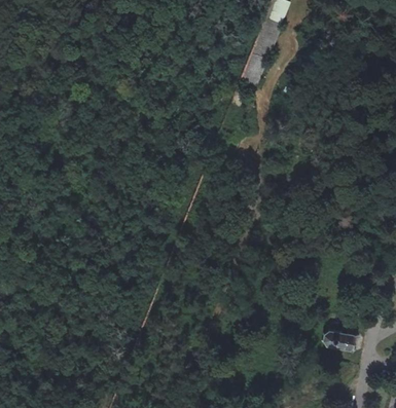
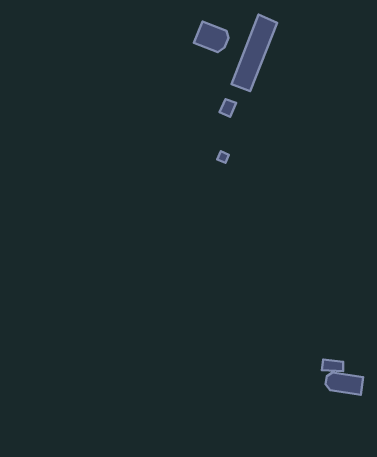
building: none -> [194,21,229,52]

